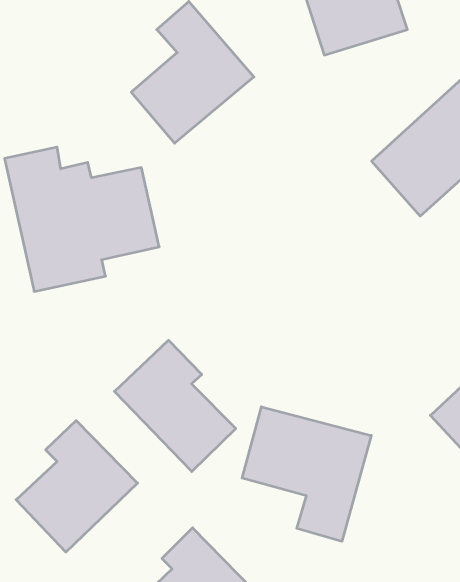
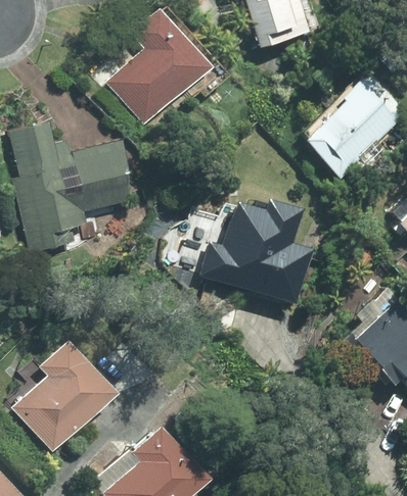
building: none -> [199,193,308,305]
building: [114,340,236,472] -> none
building: [242,407,371,541] -> none

